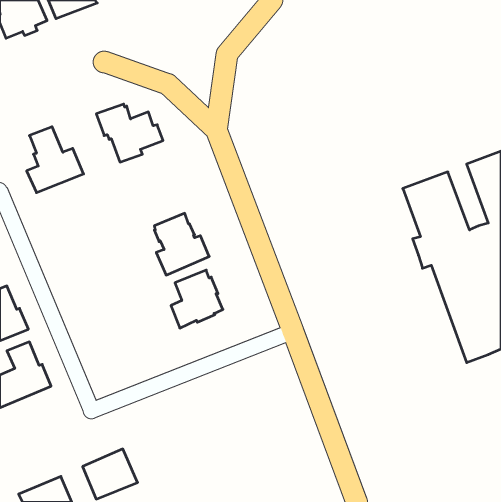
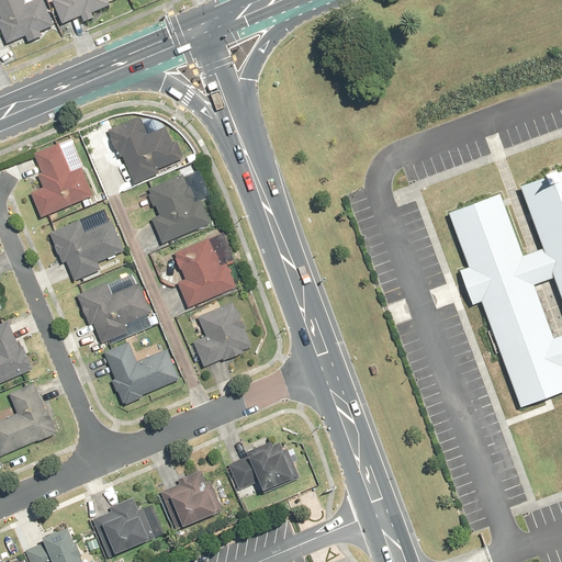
building: none -> [146,175,207,244]
building: none -> [49,218,124,279]
building: none -> [77,281,150,341]
building: none -> [103,340,178,404]
building: none -> [226,440,297,493]
building: none -> [158,470,221,530]

